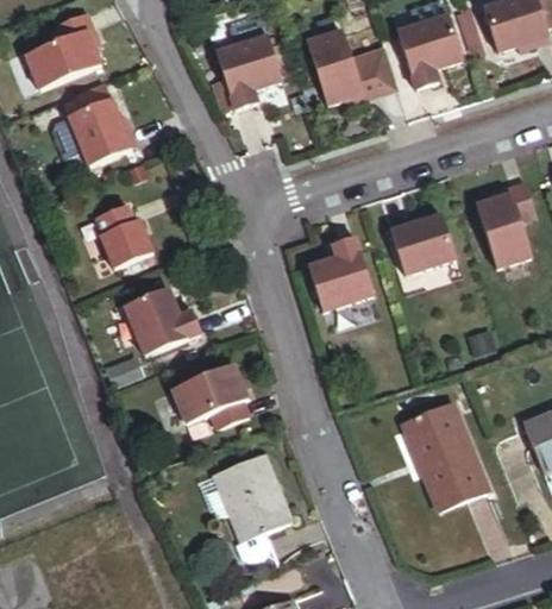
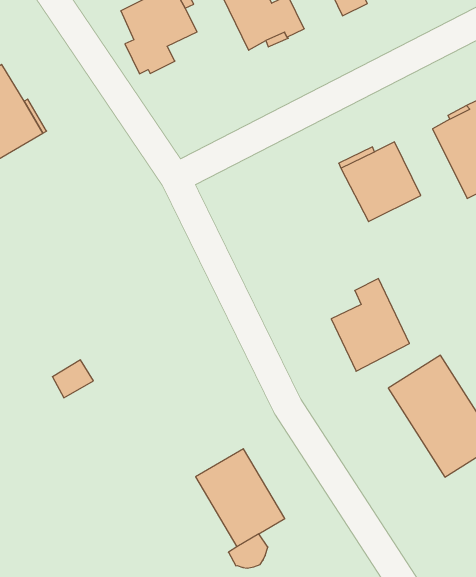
building: [93,206,150,269] -> none
building: [309,233,375,312] -> [331,279,409,371]
building: [121,289,197,357] -> none
building: [169,364,246,428] -> none

